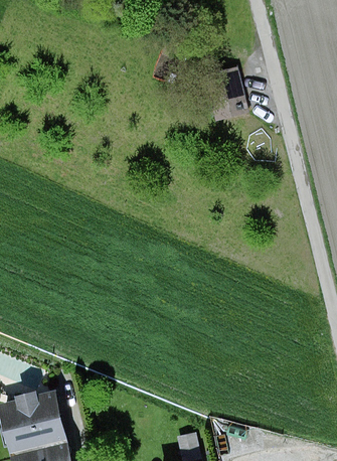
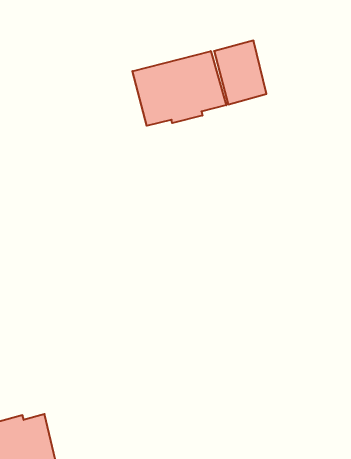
building: none -> [132,51,226,126]

